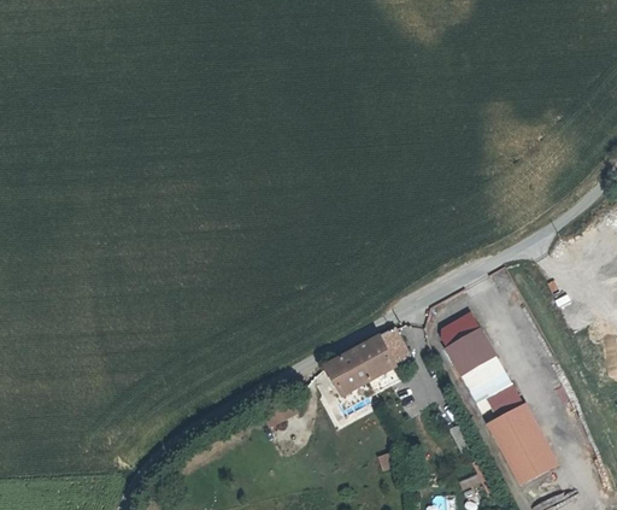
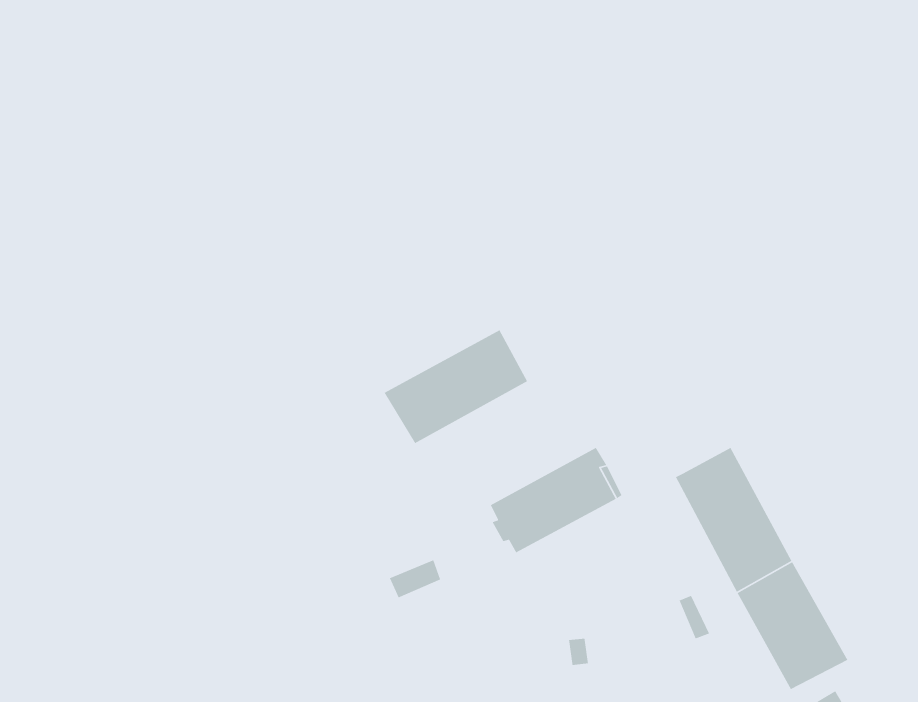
building: none -> [384,329,528,444]
building: [440,310,481,344] -> none

